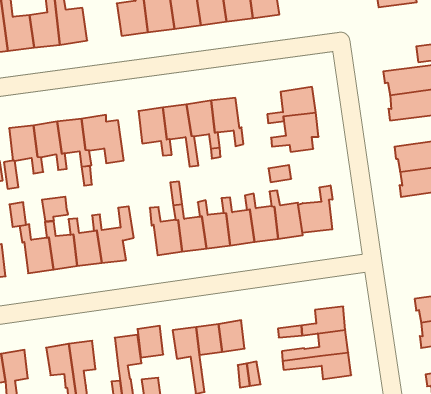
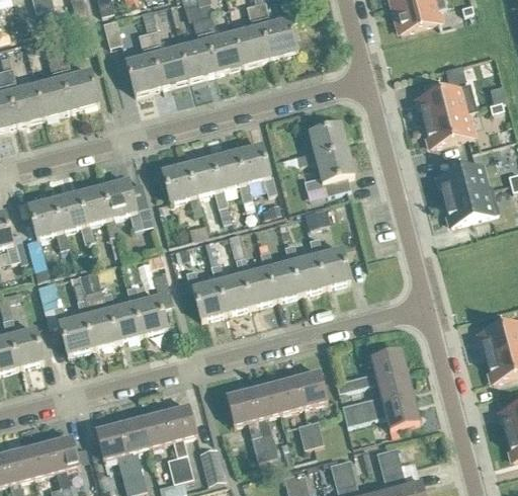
building: [298,185,332,233] -> none
building: none -> [296,370,328,406]
building: [137,326,163,357] -> [143,411,173,446]

